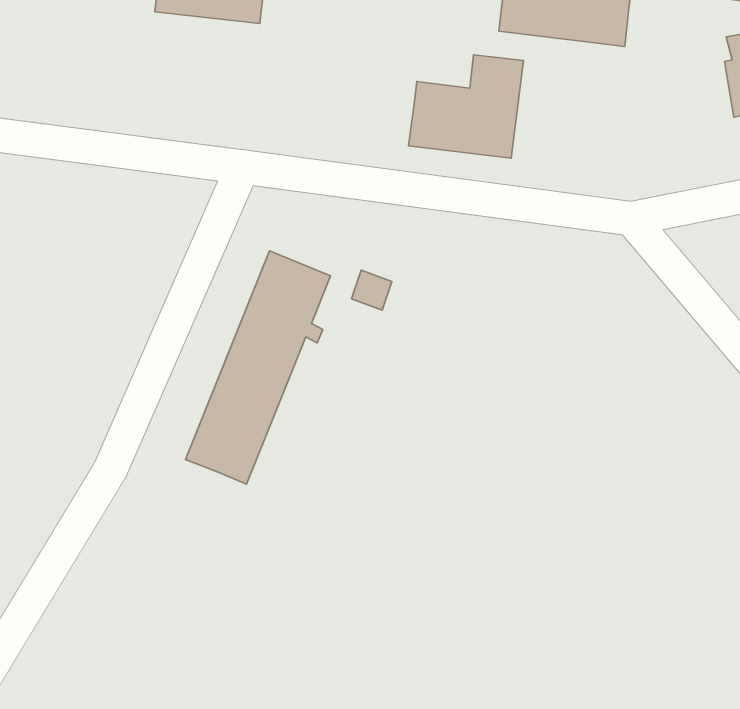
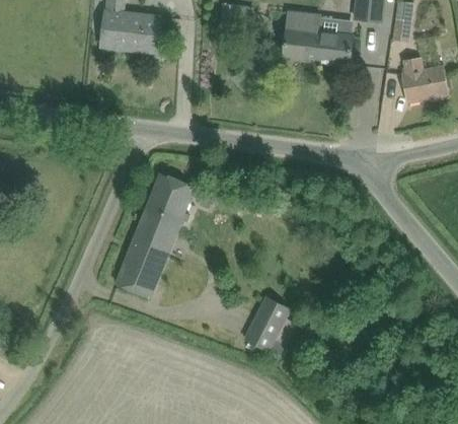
building: [408,55,523,158] -> none
building: none -> [244,296,291,356]

